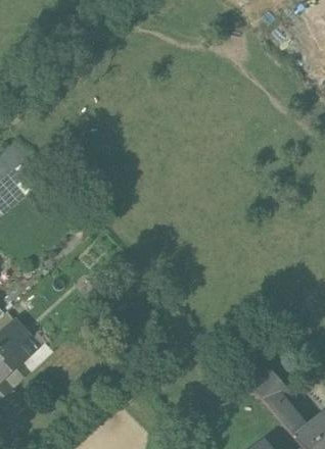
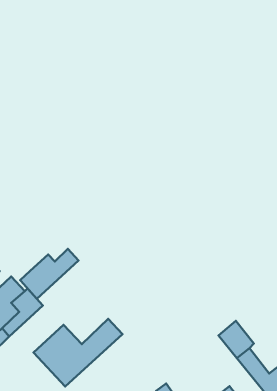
building: none -> [20,249,78,299]
building: none -> [34,319,122,387]

